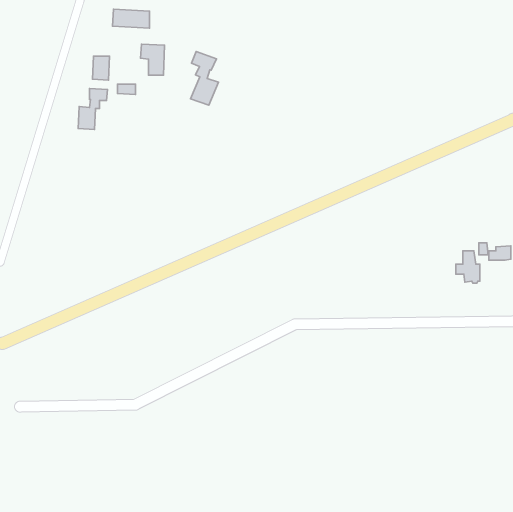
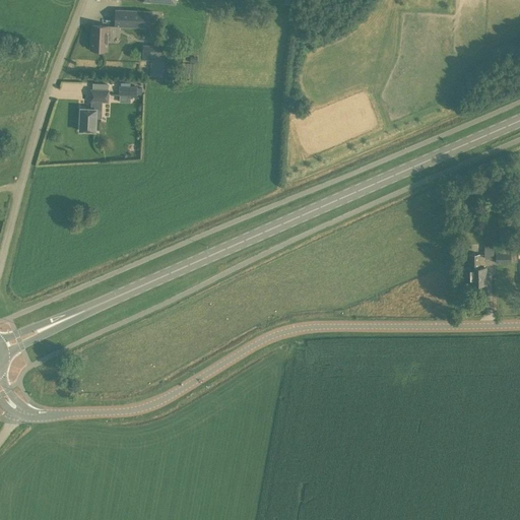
building: [190,52,219,105] -> none
building: [92,56,109,80] -> [90,26,108,51]

